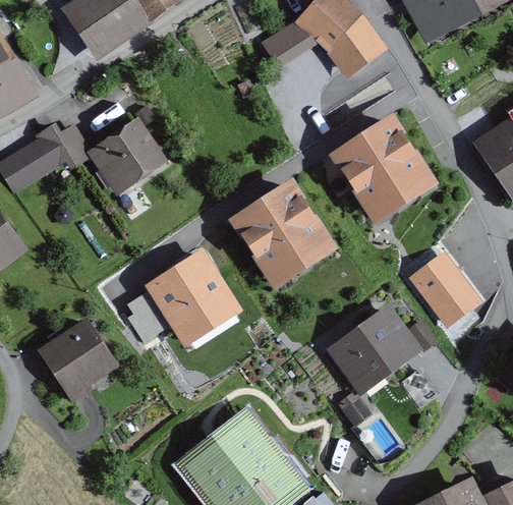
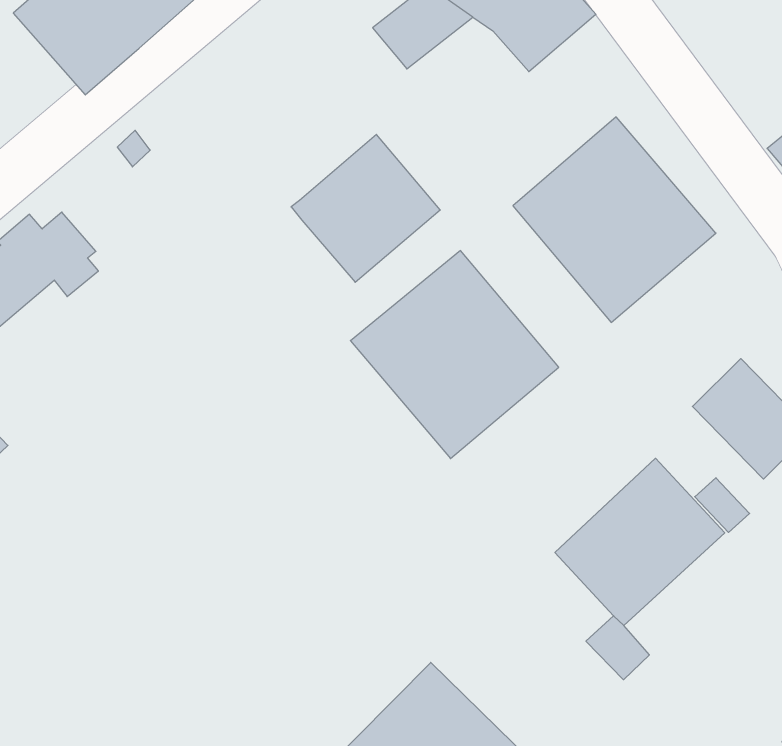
building: [84,117,168,199] -> [291,134,440,282]
building: [125,255,240,344] -> none
building: [40,314,121,395] -> none

